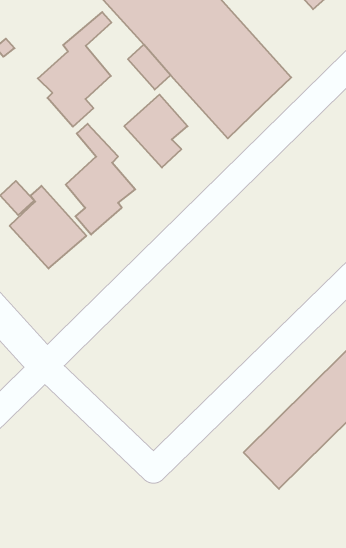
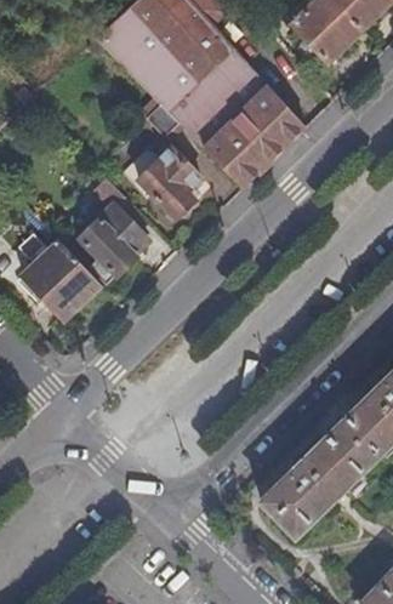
building: [38,12,111,127] -> none

